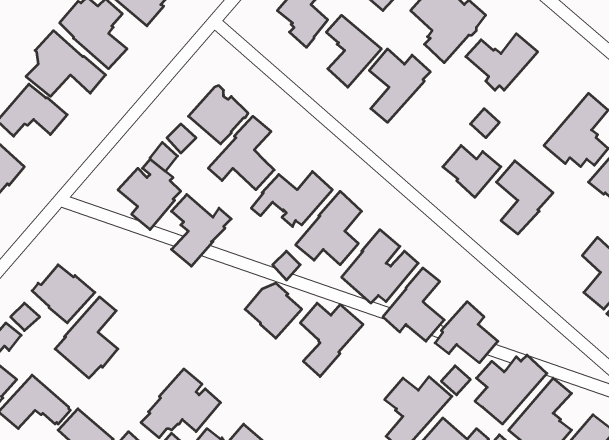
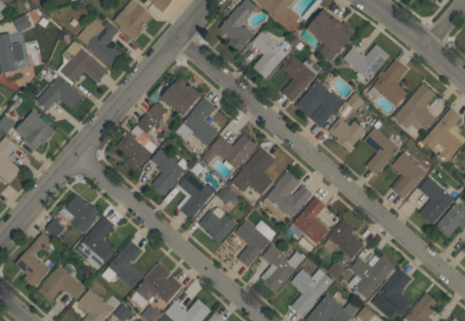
building: none -> [368,59,408,107]
building: none -> [295,80,344,128]
building: none -> [391,152,427,200]
building: none -> [179,172,215,219]
building: none -> [101,240,144,289]
building: none -> [261,245,304,293]

